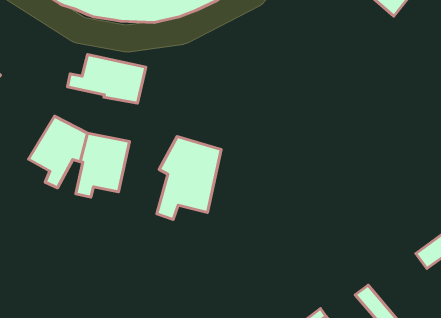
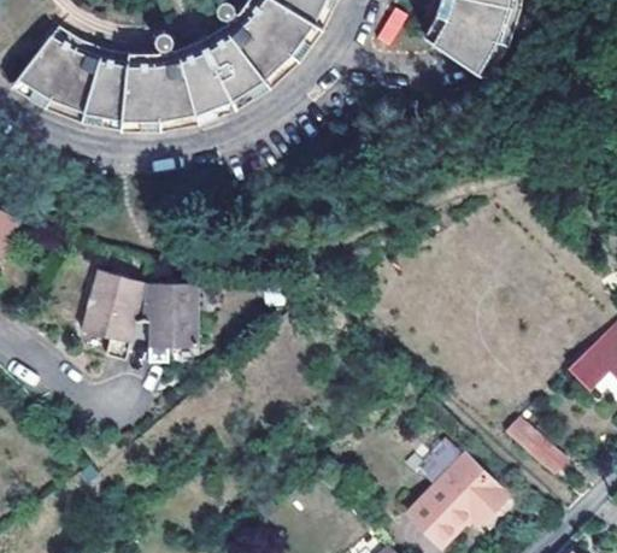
building: [68,55,146,103] -> none
building: [157,136,221,219] -> none

